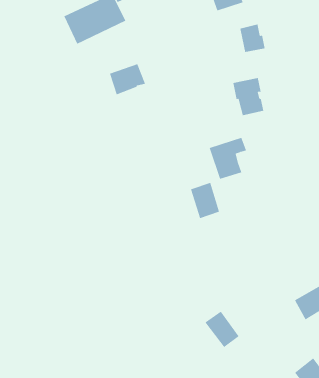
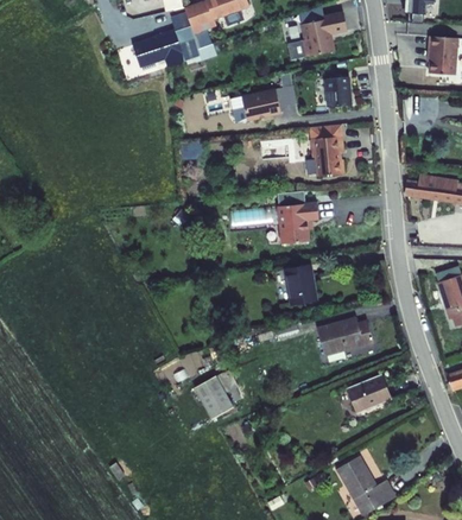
building: [109,63,146,95] -> [240,89,279,121]
building: [190,182,220,219] -> [286,266,316,305]
building: none -> [315,317,371,354]
building: [205,311,240,348] -> [194,376,230,418]

